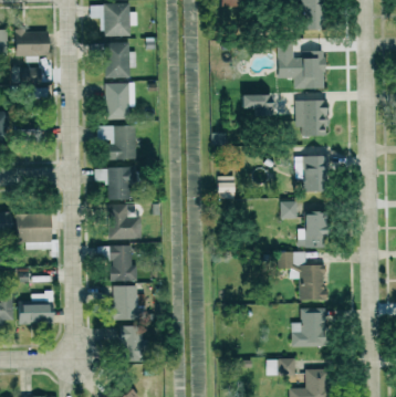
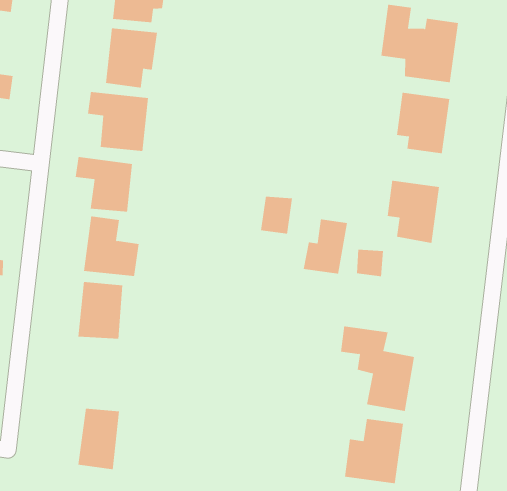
building: [241,94,271,115] -> none
building: [298,213,322,247] -> [303,219,348,274]
building: [112,285,146,321] -> none

